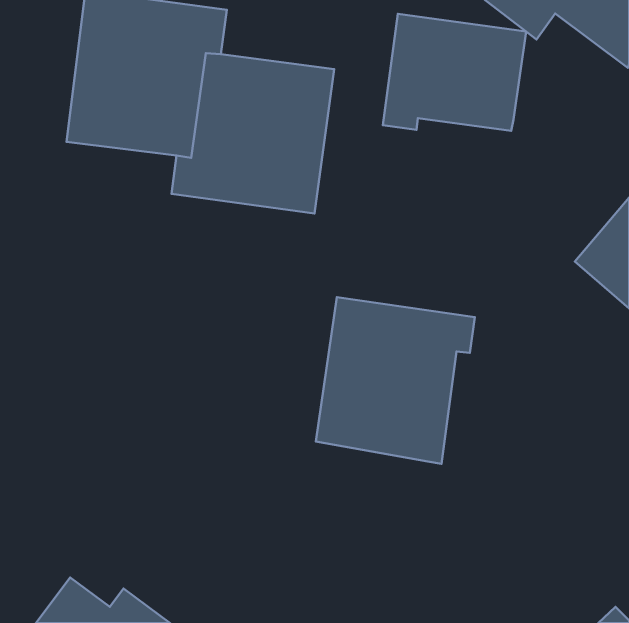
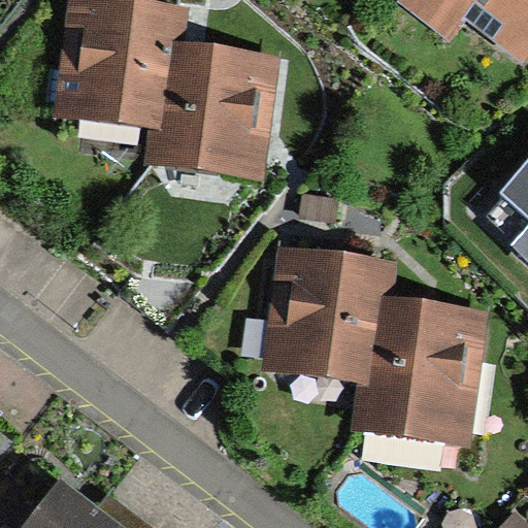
building: [383,14,526,131] -> none
building: none -> [353,294,489,446]

